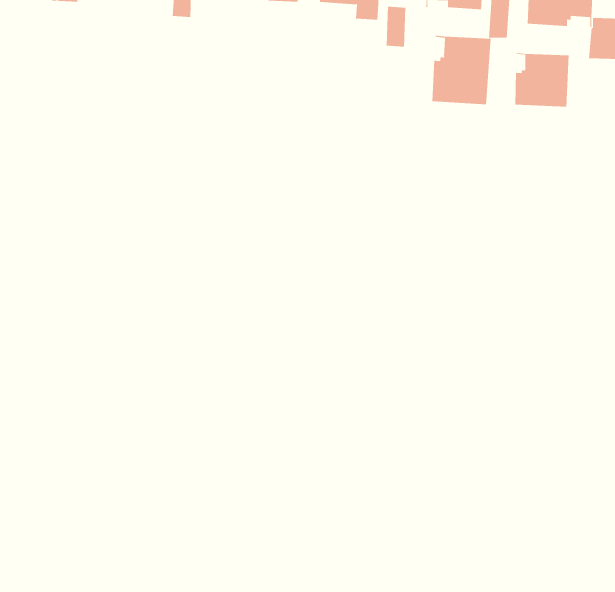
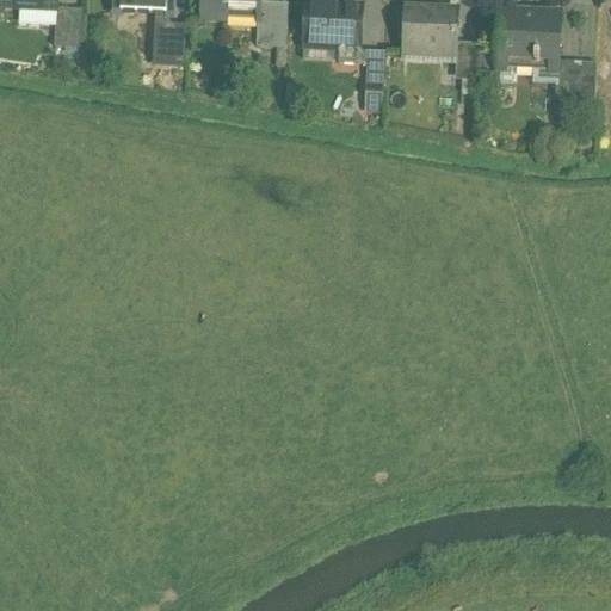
building: [432,35,491,105] -> none
building: [515,53,569,107] -> none

